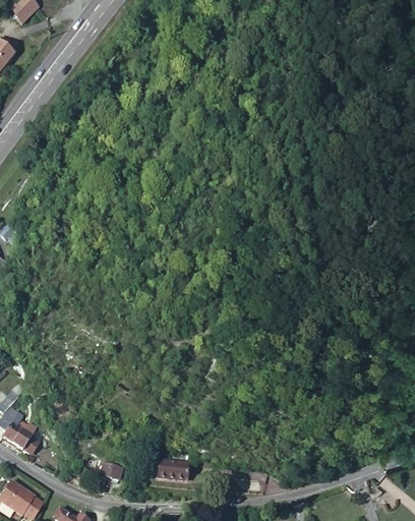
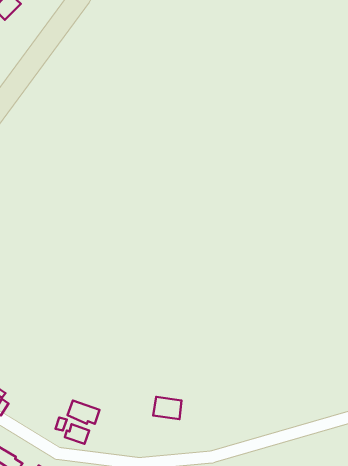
building: none -> [67,400,99,424]
building: [163,462,193,486] -> [153,397,181,419]

